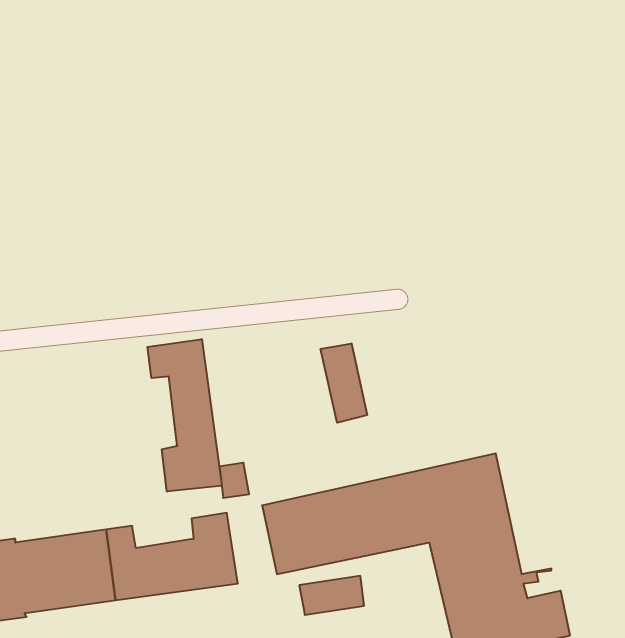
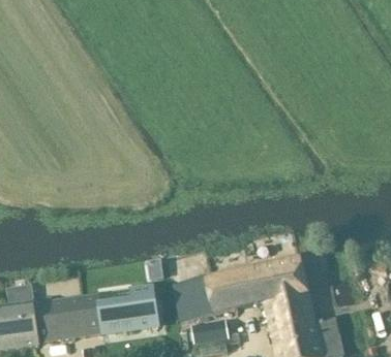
building: [147,339,222,492] -> none
building: [321,343,367,423] -> none

